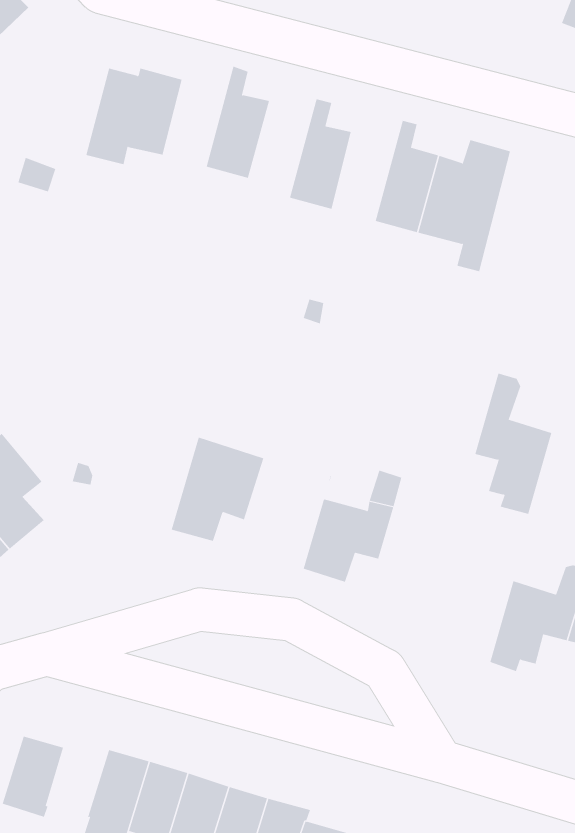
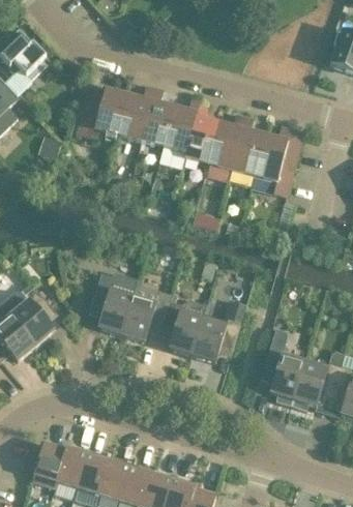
building: none -> [118,85,155,141]
building: none -> [164,97,201,157]
building: none -> [208,114,245,170]
building: [475,373,552,515] -> [263,329,304,405]
building: none -> [91,272,138,334]
building: none -> [161,296,207,355]
building: none -> [56,444,89,487]

